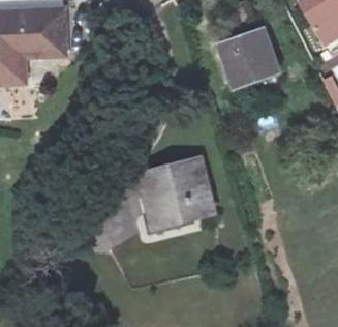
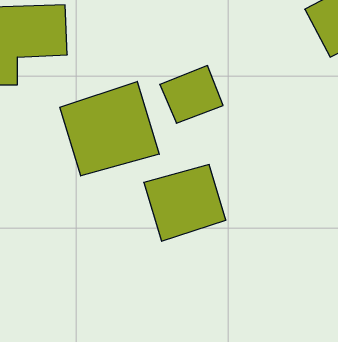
building: [223,25,282,79] -> [160,66,223,123]
building: none -> [60,81,159,176]

